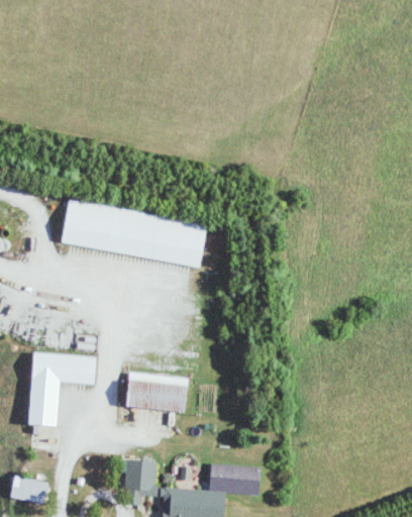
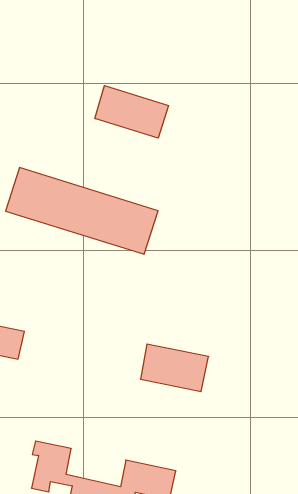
building: none -> [95,86,169,138]
building: [126,373,188,410] -> [140,344,209,392]

